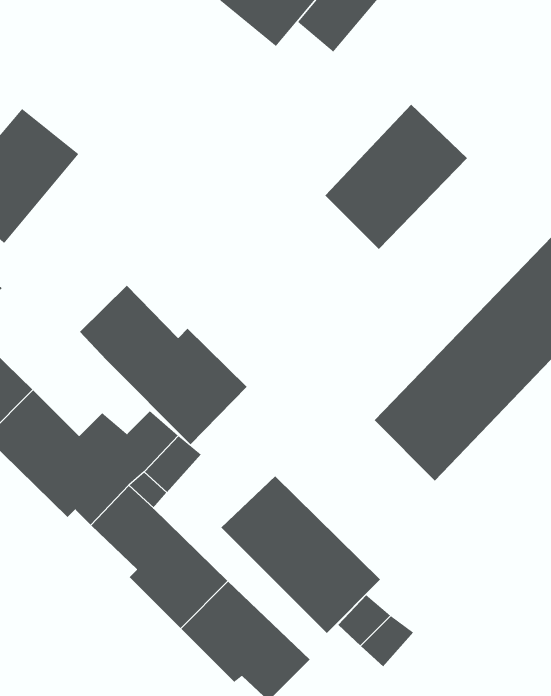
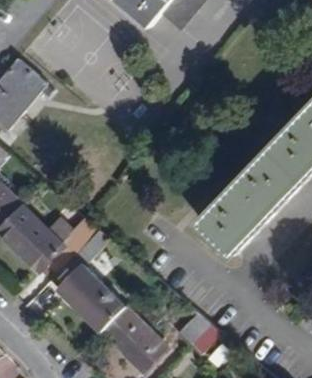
building: [325,104,468,250] -> none
building: [79,285,248,445] -> none
building: [221,475,381,634] -> none

